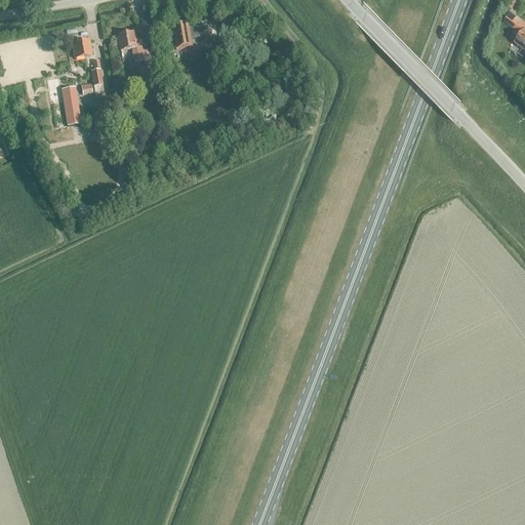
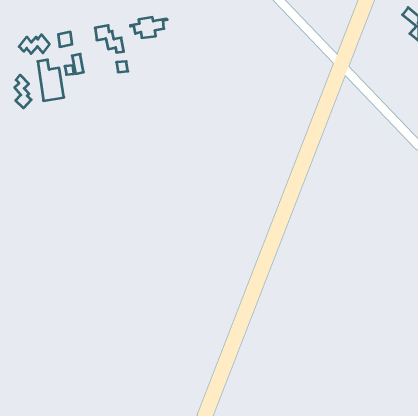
building: none -> [19,35,49,54]
building: none -> [15,75,31,108]

